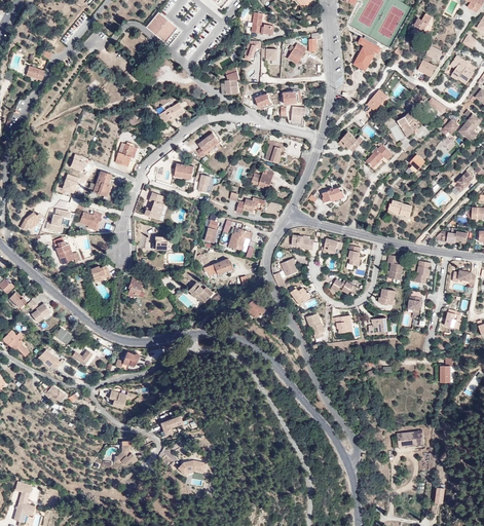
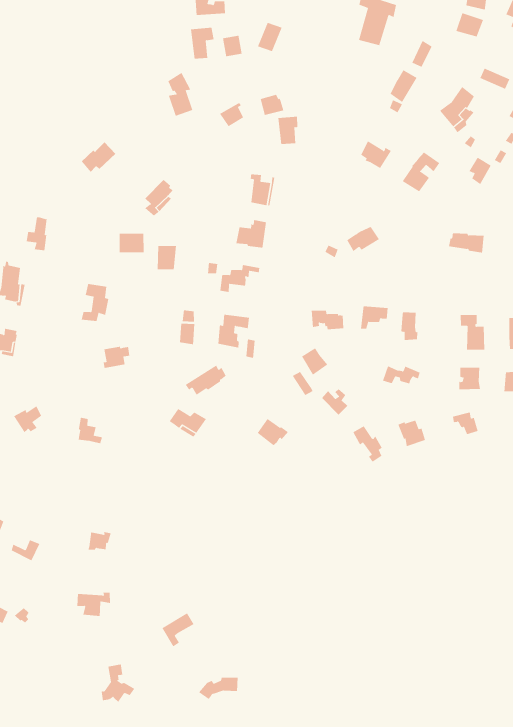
building: [146,12,177,43] -> none

